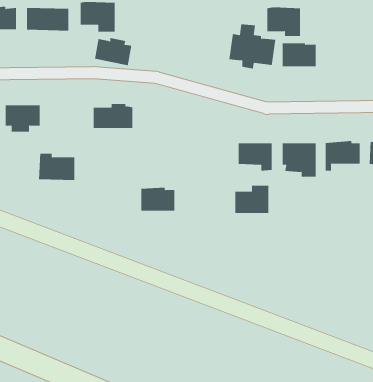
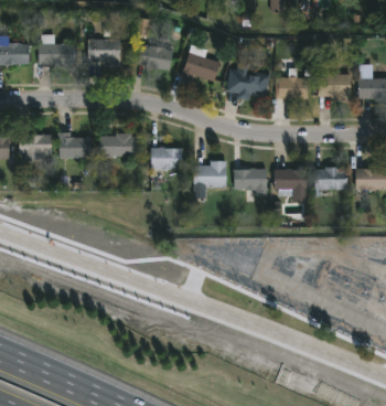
building: [266,7,301,37] -> [318,73,350,100]
building: none -> [181,44,219,81]
building: [94,37,132,66] -> [137,43,172,70]
building: [38,153,75,181] -> [57,132,92,158]
building: [235,185,269,214] -> [194,160,226,186]
building: [141,187,175,211] -> [150,146,182,168]

